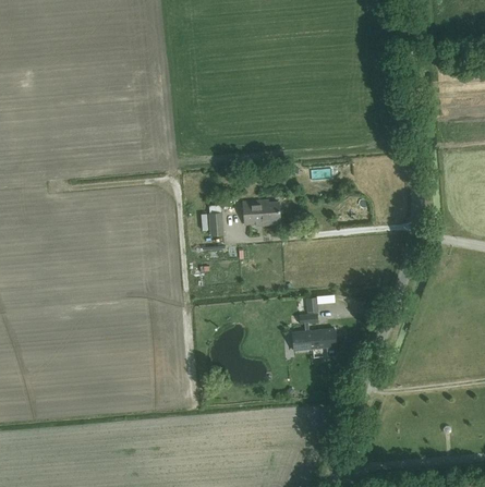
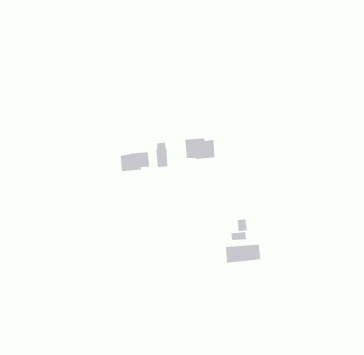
building: none -> [120,151,150,172]

